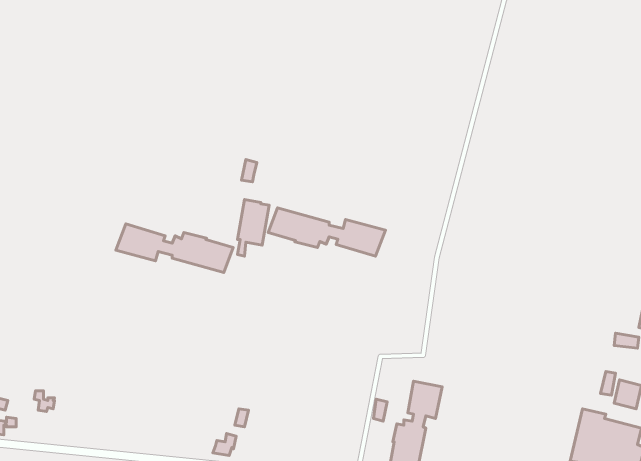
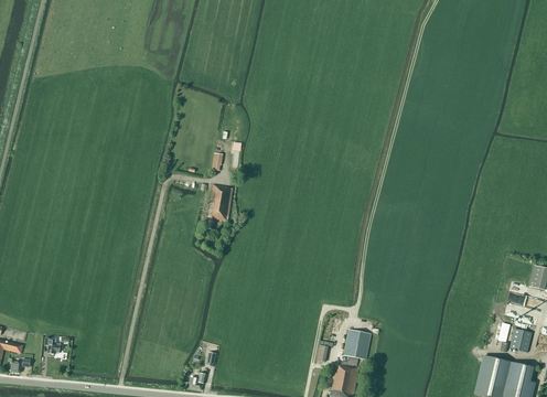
building: [268,208,386,256] -> none
building: [116,224,233,273] -> none

